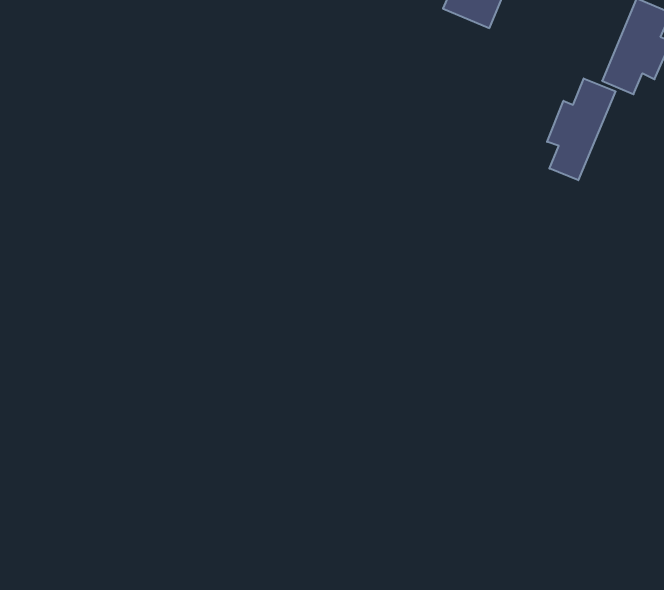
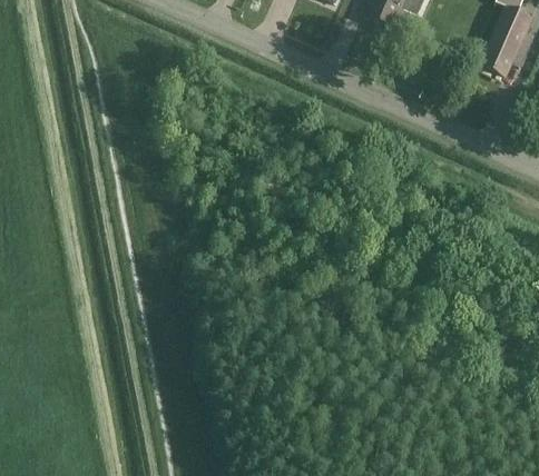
building: [547,78,616,180] -> none

